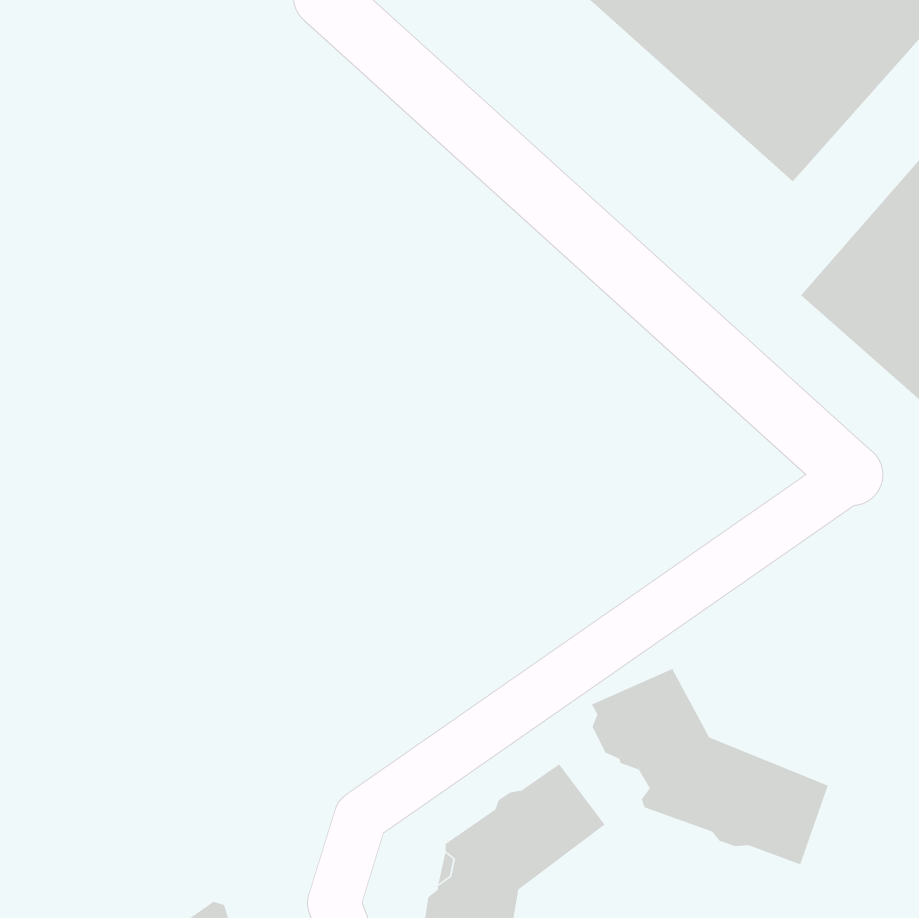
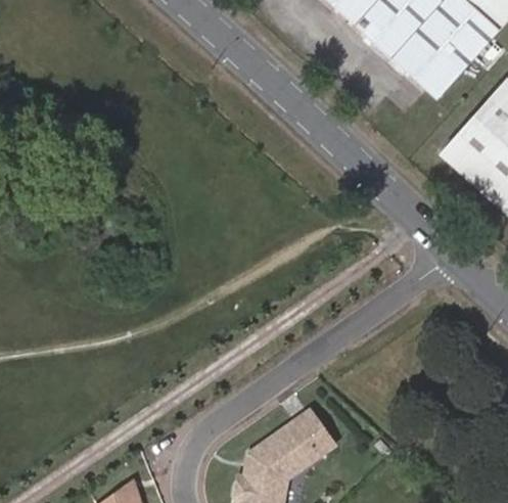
building: [591,668,828,865] -> none

